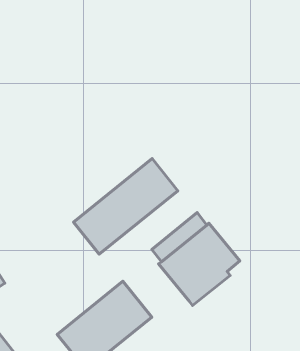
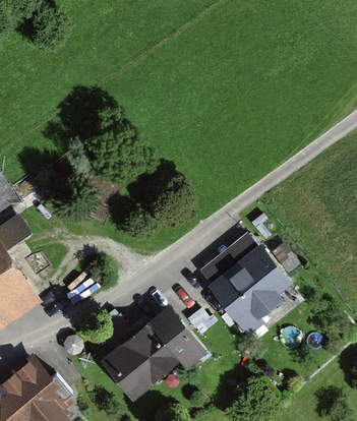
building: [73,159,178,254] -> none

